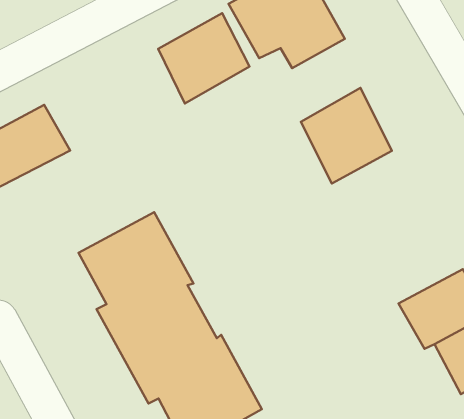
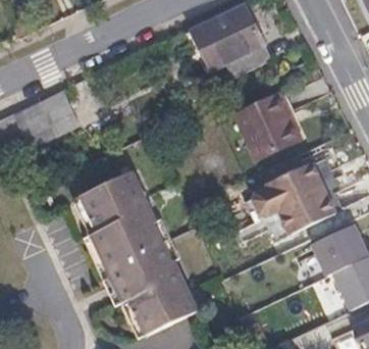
building: [158,13,250,103] -> none
building: none -> [254,160,336,242]

